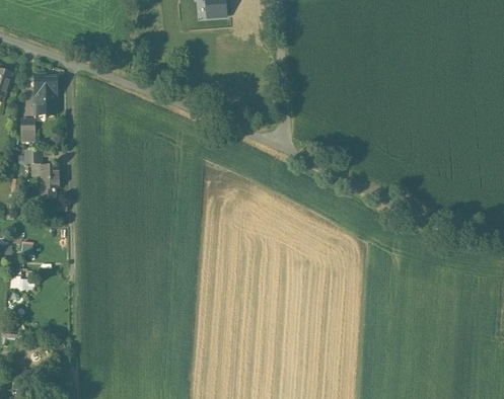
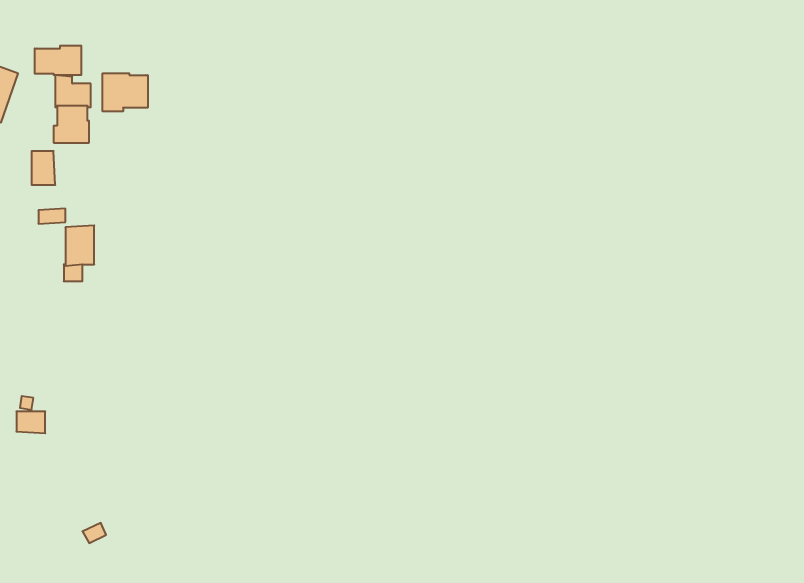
building: none -> [35,46,81,75]
building: none -> [103,73,148,111]

